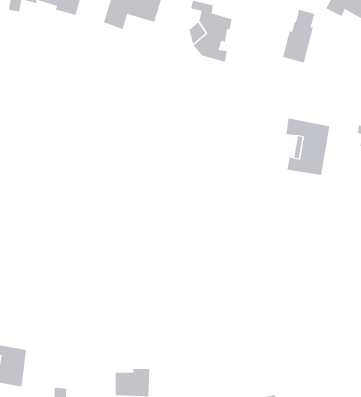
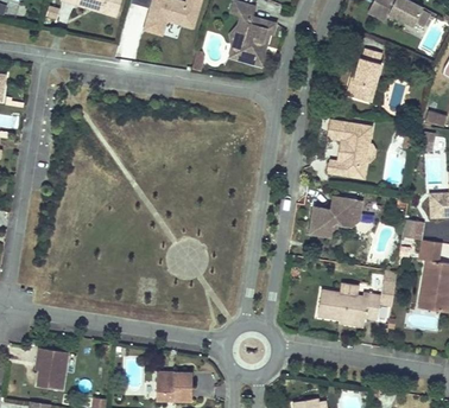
building: [282,9,315,63] -> [348,45,381,100]
building: none -> [309,198,363,237]
building: none -> [320,272,399,325]

